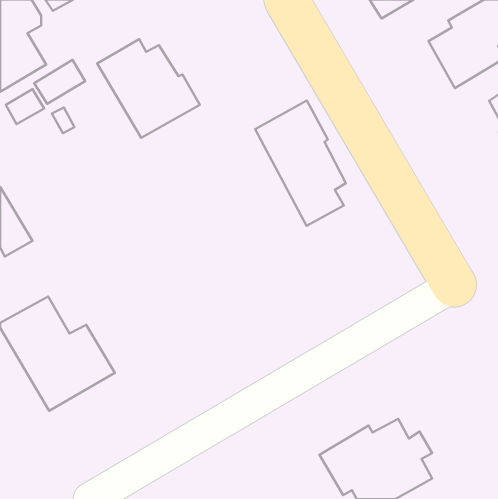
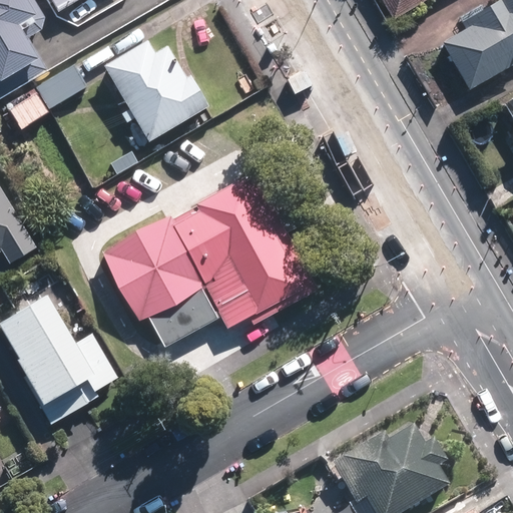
building: [255,101,346,226] -> none
building: none -> [101,175,310,346]

